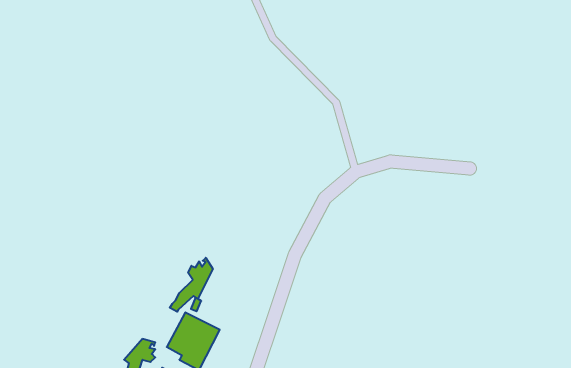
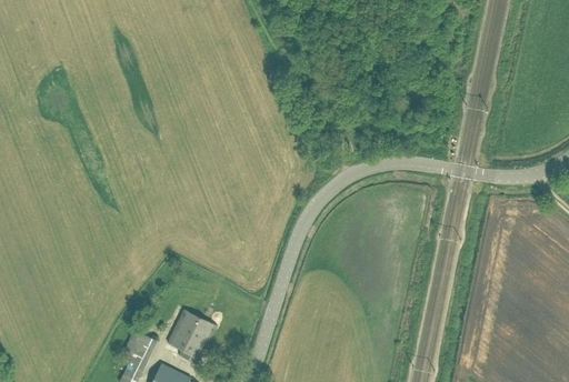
building: [170,258,213,312] -> none

